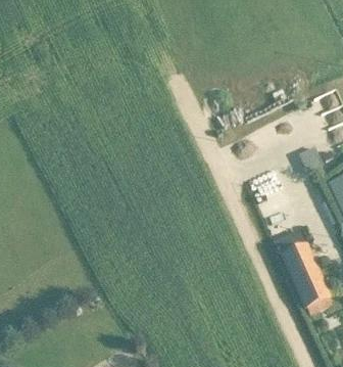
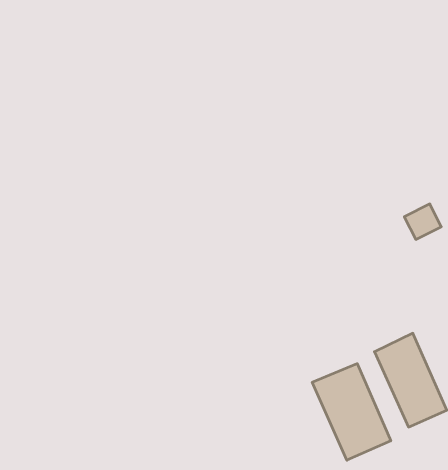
building: none -> [312,364,391,460]

